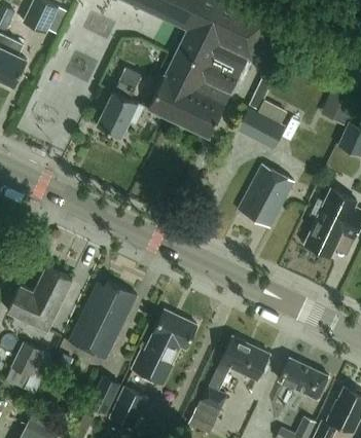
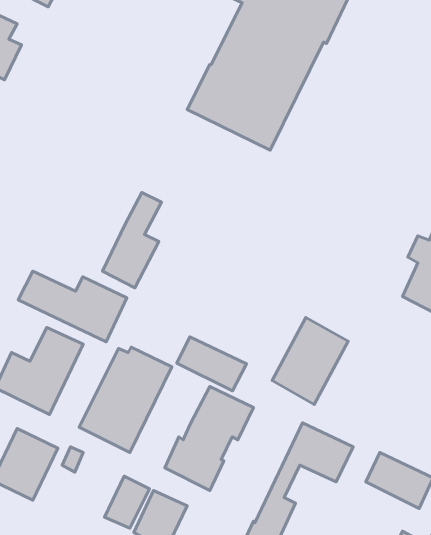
building: [97,68,140,138] -> [102,192,162,288]
building: [237,76,285,149] -> none
building: [238,165,293,228] -> [272,317,348,404]
building: none -> [18,271,127,342]
building: none -> [177,337,247,391]

